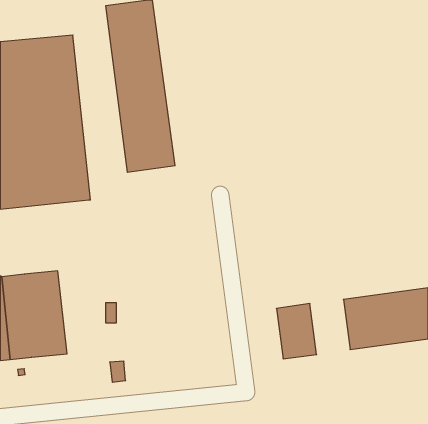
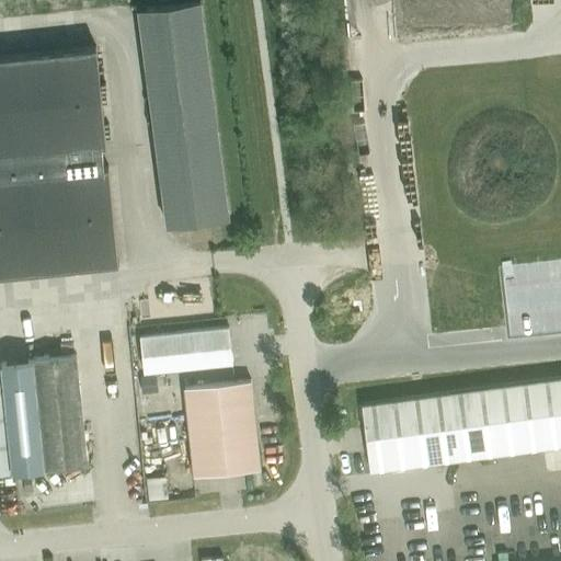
building: none -> [140,330,232,376]
building: none -> [184,383,260,479]
building: none -> [405,397,458,469]

